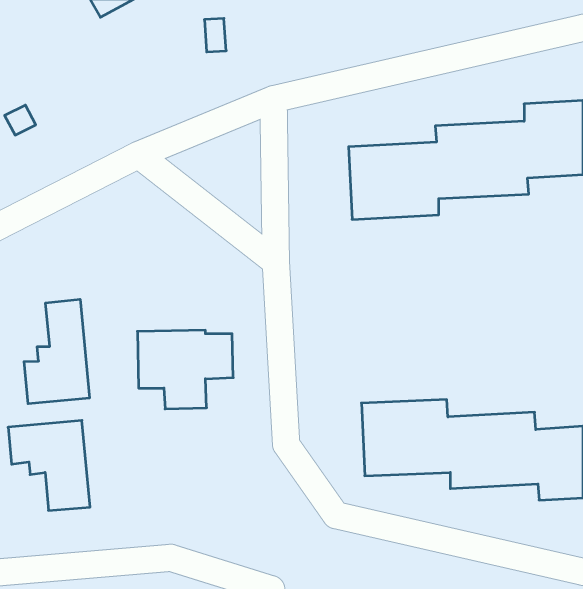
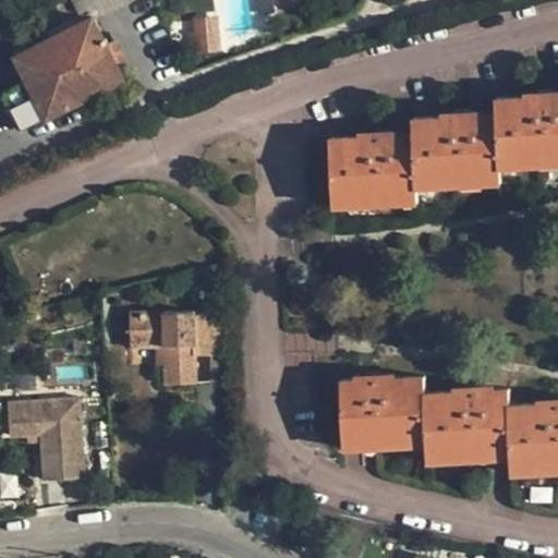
building: none -> [17,22,125,117]
building: [24,299,89,404] -> none

